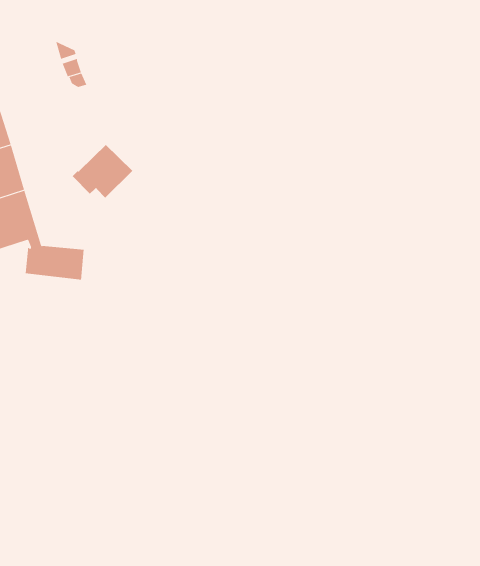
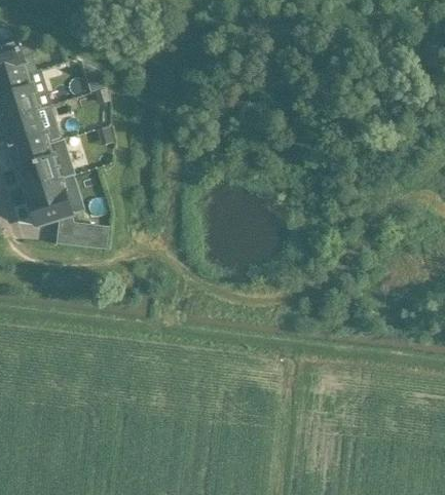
building: [72,144,133,199] -> none

